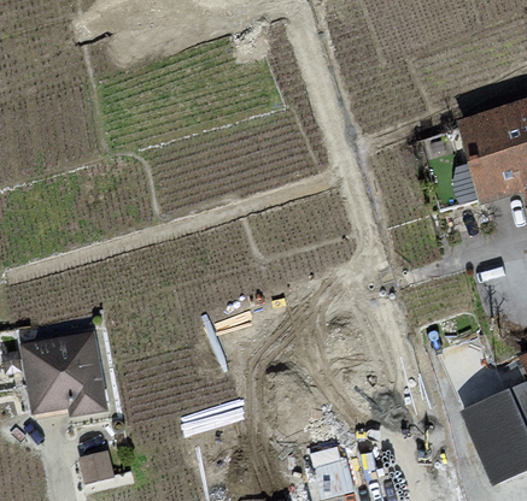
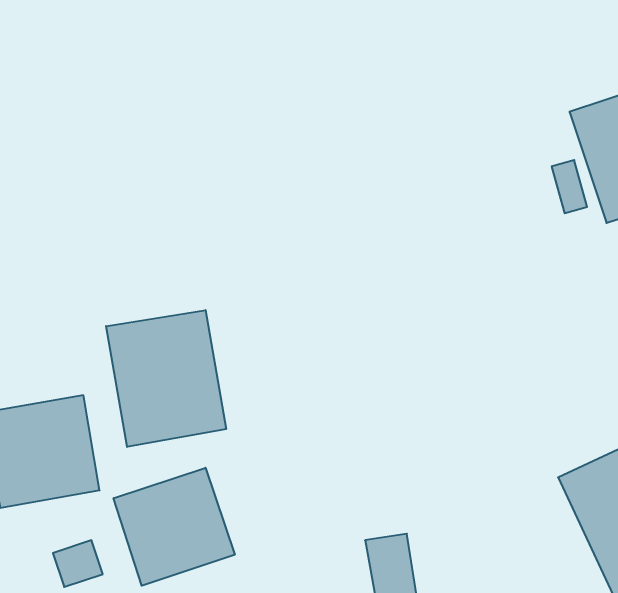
building: none -> [106,310,226,447]
building: none -> [114,468,235,586]

